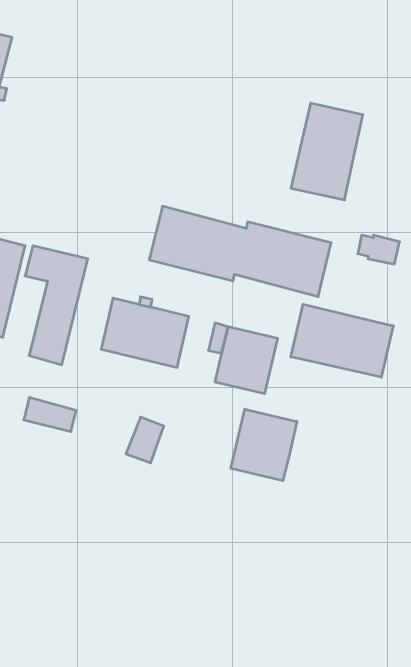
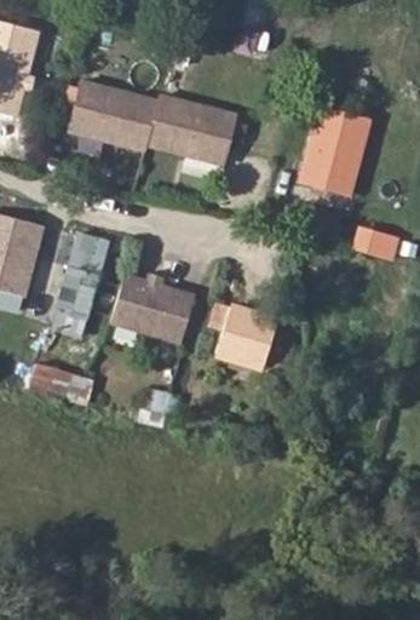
building: [149,206,331,297] -> [74,82,242,166]
building: [291,304,393,377] -> none
building: [231,409,297,481] -> none

